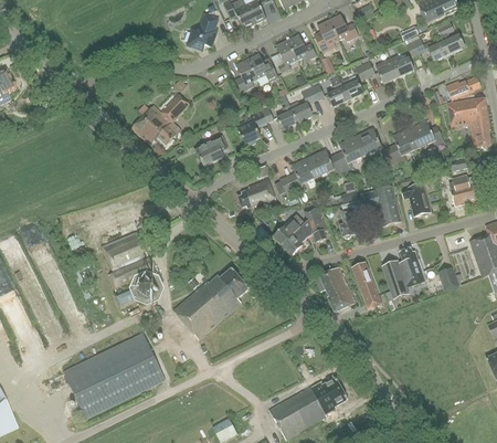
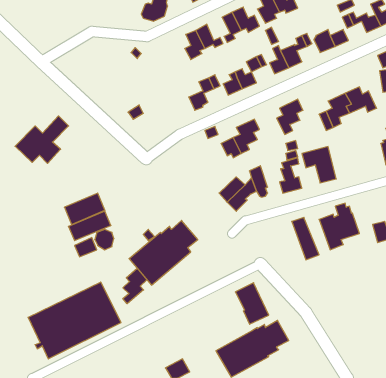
building: [131,91,190,143] -> [15,116,69,163]
building: [358,125,385,156] -> none
building: [194,134,228,164] -> none
building: [310,148,345,177] -> none
building: [239,178,275,207] -> none
building: [402,184,431,215] -> none
building: [319,265,356,310] -> [235,283,269,324]
building: none -> [123,268,147,304]

